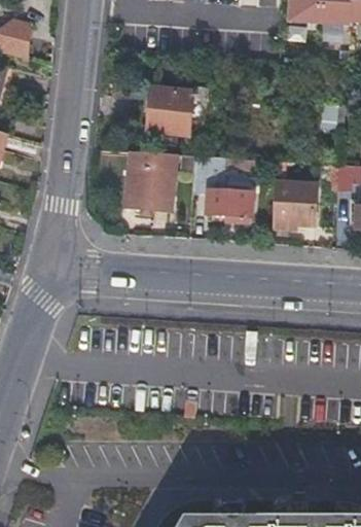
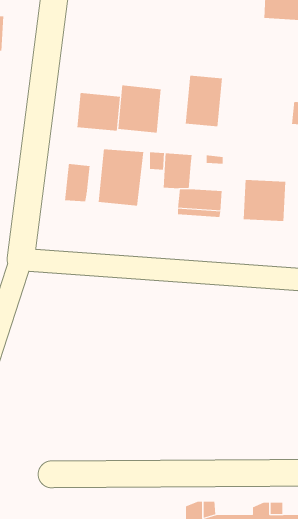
building: none -> [185,75,222,127]
building: none -> [77,92,120,132]
building: none -> [64,163,90,202]

